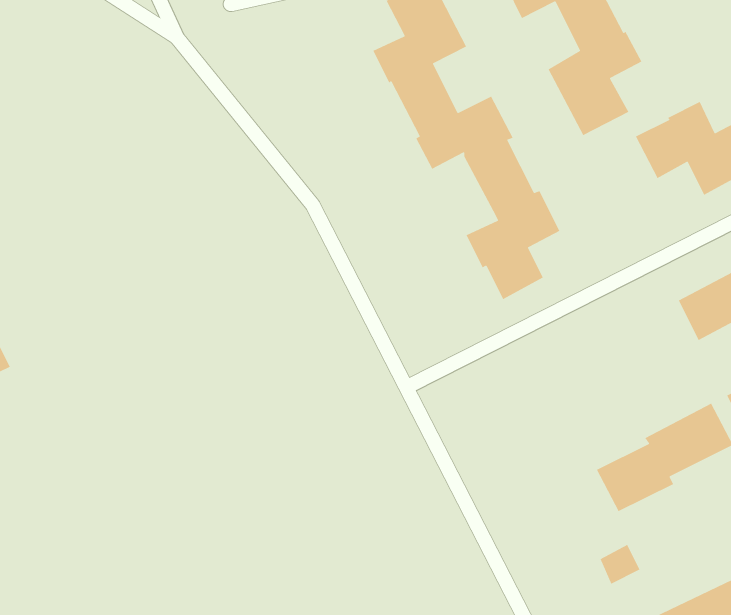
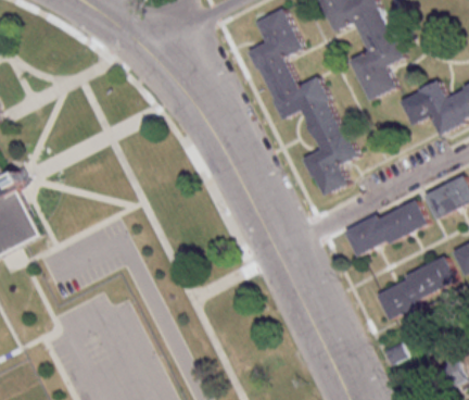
building: none -> [344,199,429,257]

